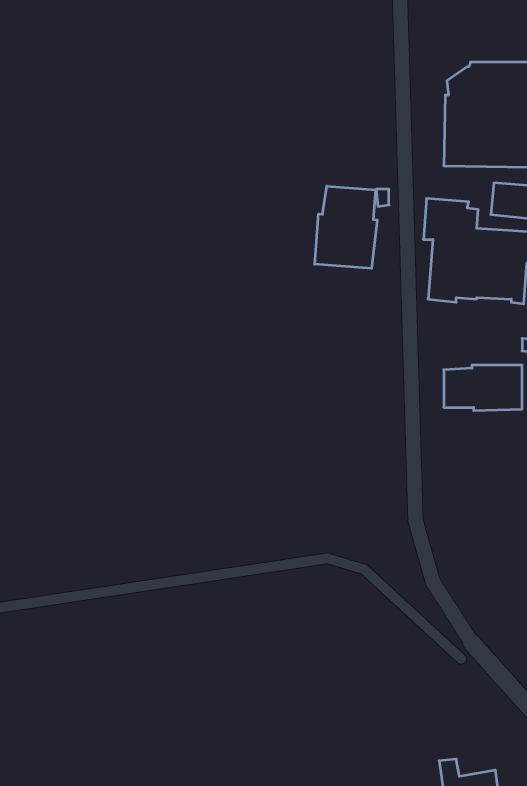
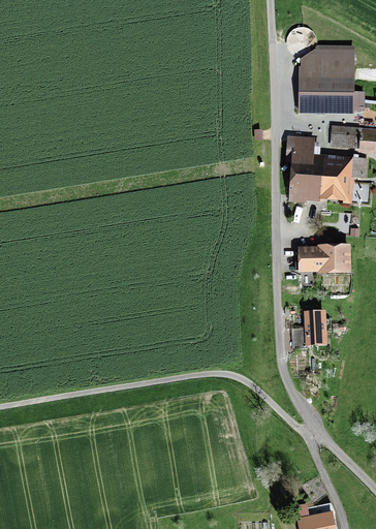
building: [315,186,377,268] -> none
building: none -> [304,310,327,346]

